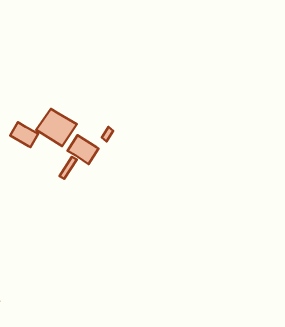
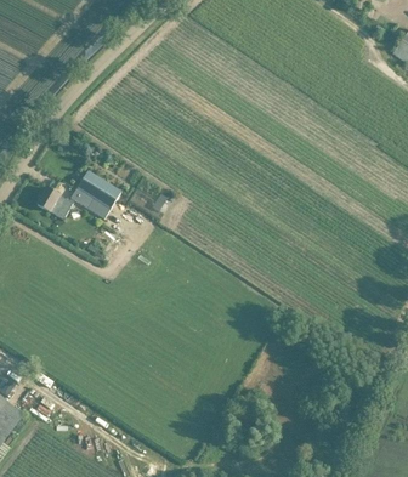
building: [68,135,98,164] -> none

